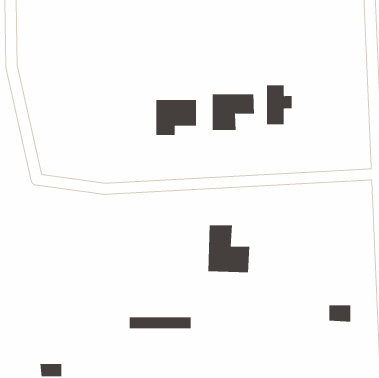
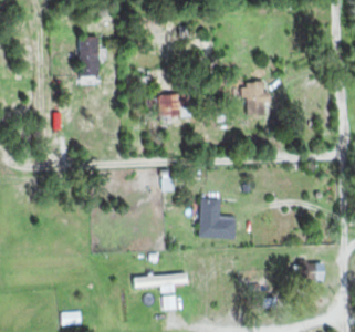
building: none -> [80,37,100,77]
building: [212,94,254,131] -> none

